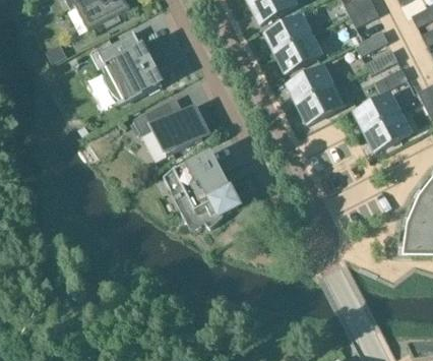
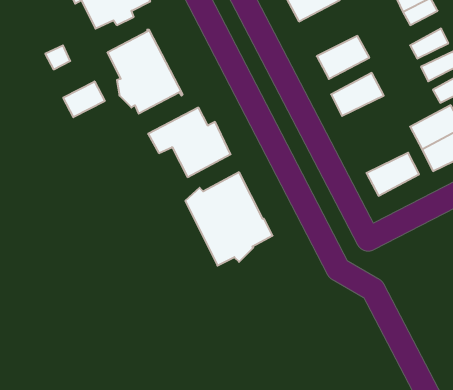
building: [265,16,310,53] -> none
building: none -> [63,81,105,117]
building: [297,86,342,123] -> [366,153,419,196]

